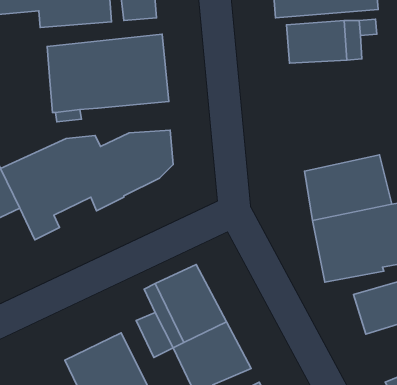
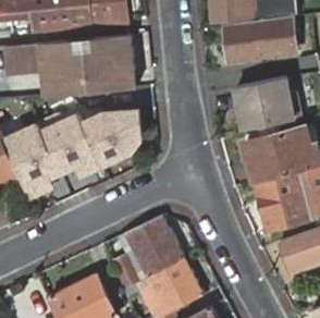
building: none -> [5,44,40,74]
building: none -> [232,74,296,130]

